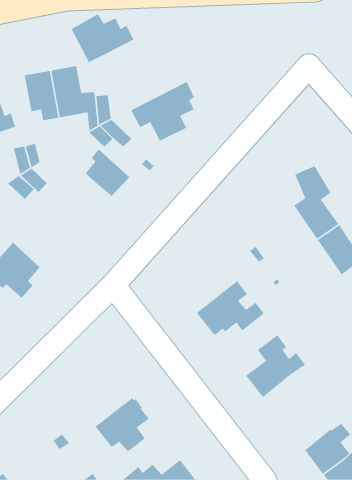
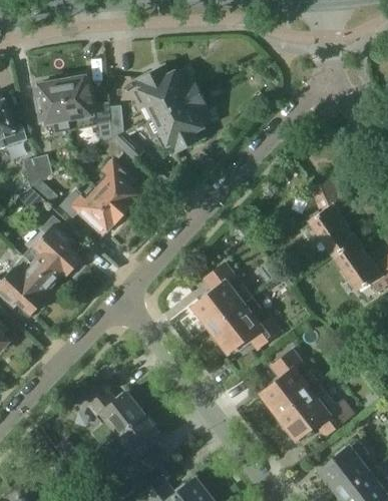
building: [71,13,135,63] -> [135,65,201,116]
building: none -> [59,186,123,233]
building: none -> [23,217,81,283]
building: none -> [192,265,252,329]
building: none -> [278,382,353,440]
building: none -> [88,390,144,449]

